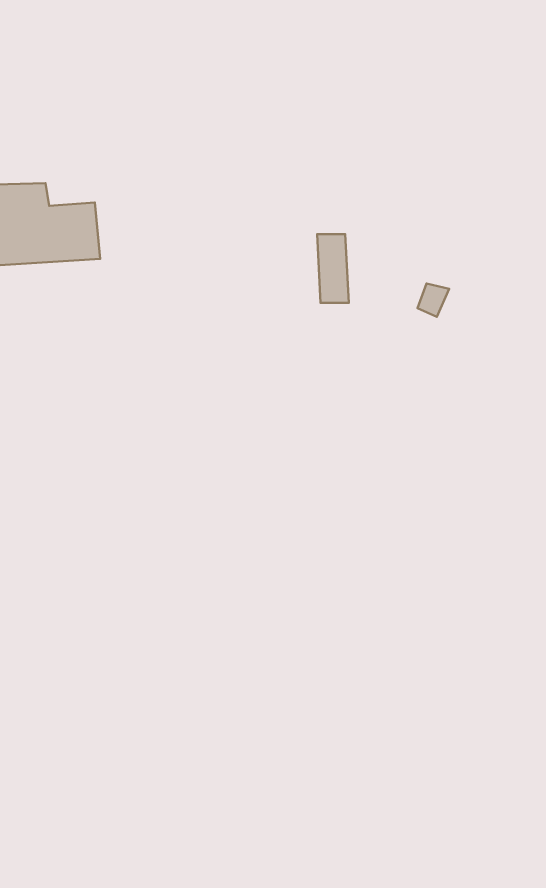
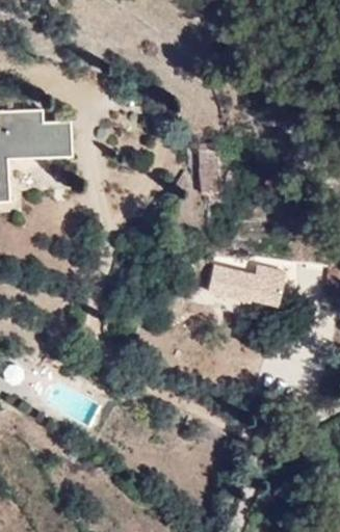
building: none -> [200,264,278,302]

